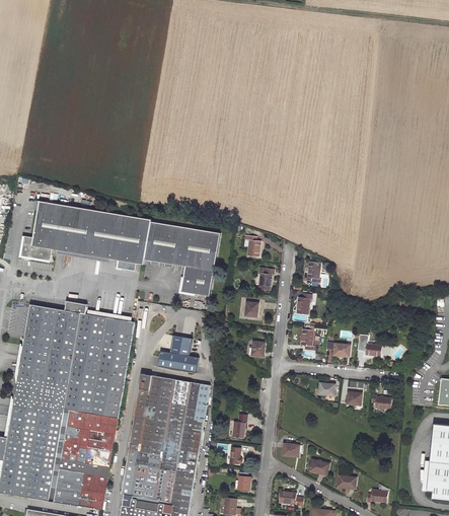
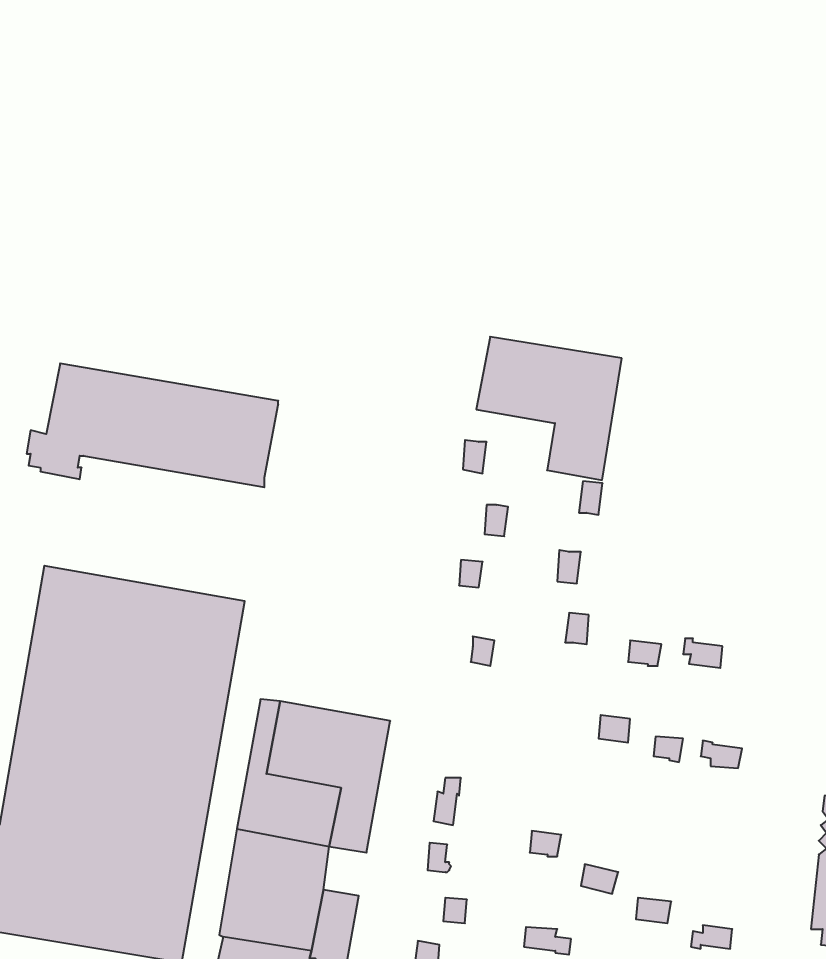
building: [145,222,220,296] -> [476,337,622,480]
building: [158,337,199,374] -> none
building: [175,450,198,475] -> none

